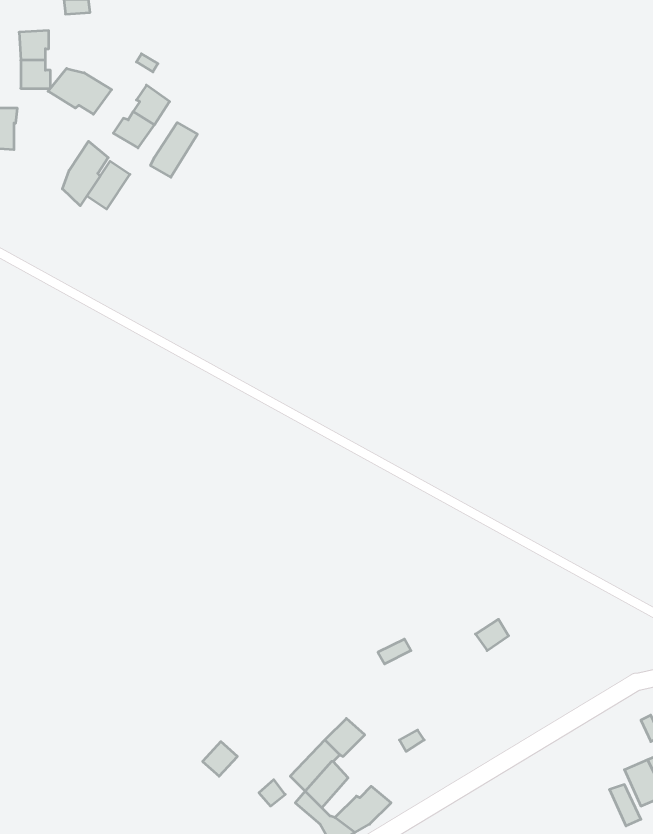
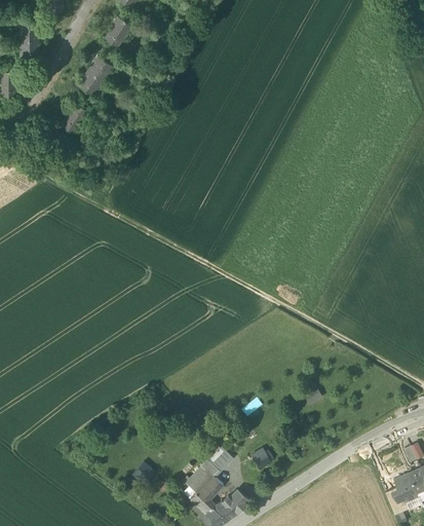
building: none -> [105,14,130,45]
building: [48,68,112,114] -> none
building: [151,123,197,177] -> none
building: [62,141,108,206] -> none

